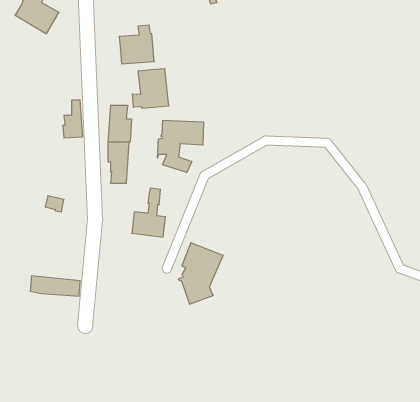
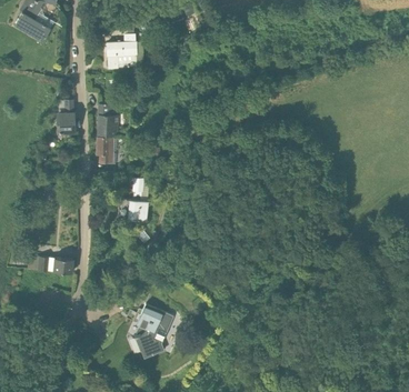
building: [132,68,168,108] -> none
building: [158,120,204,173] -> none
building: [178,243,223,304] -> [133,304,173,359]

